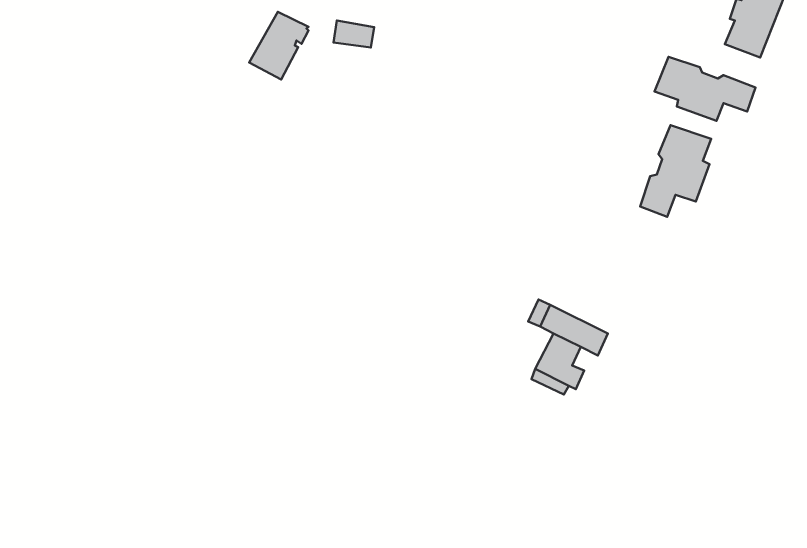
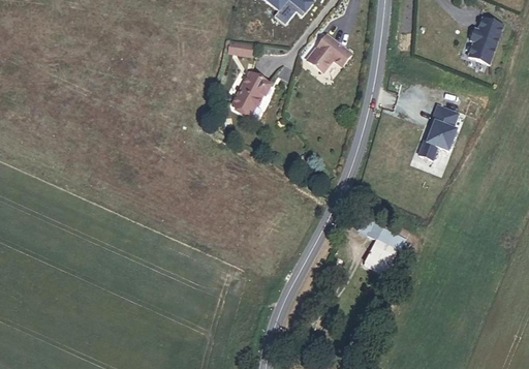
building: none -> [308,34,353,72]
building: [249,12,308,79] -> [231,73,268,115]
building: [655,57,755,121] -> none

